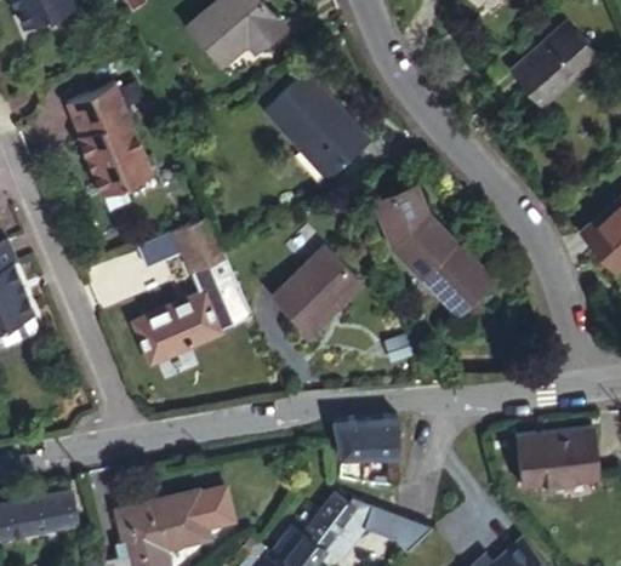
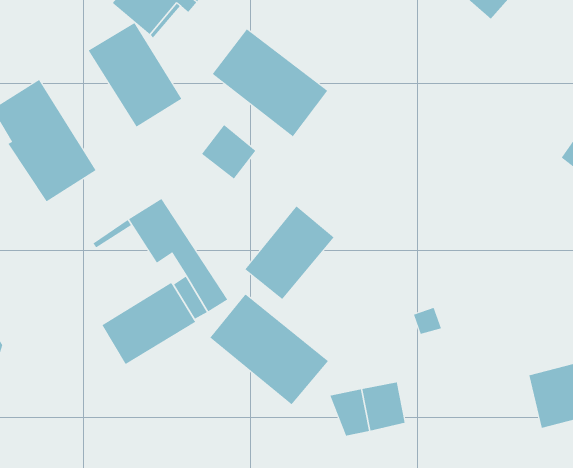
building: none -> [88,22,182,128]
building: none -> [201,124,256,179]
building: [376,185,494,315] -> none
building: none -> [209,294,329,405]

